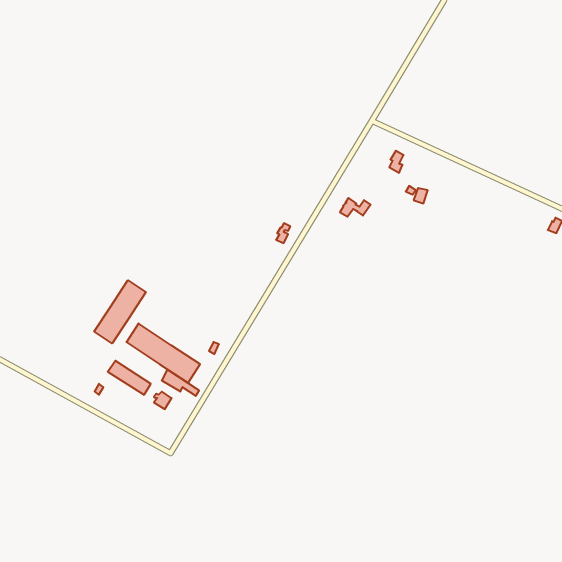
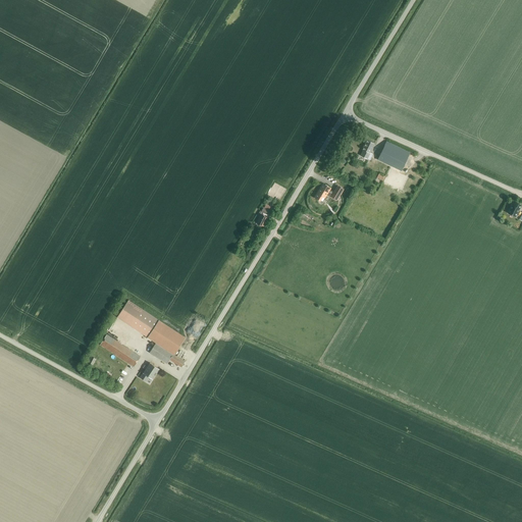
building: none -> [377,142,410,171]
building: [94,280,146,343] -> none

